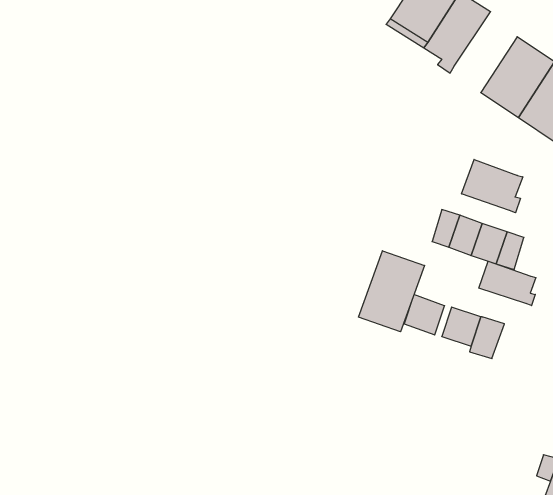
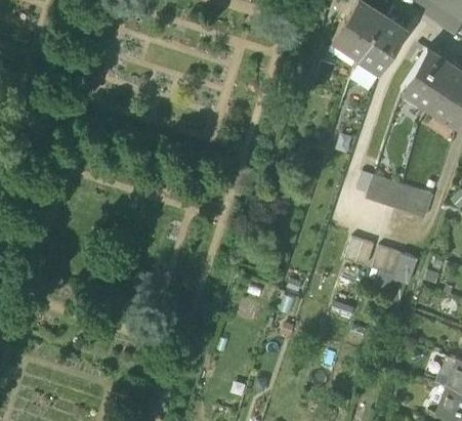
building: [462,159,523,213] -> none
building: [358,251,425,332] -> none
building: [479,261,536,306] -> none

